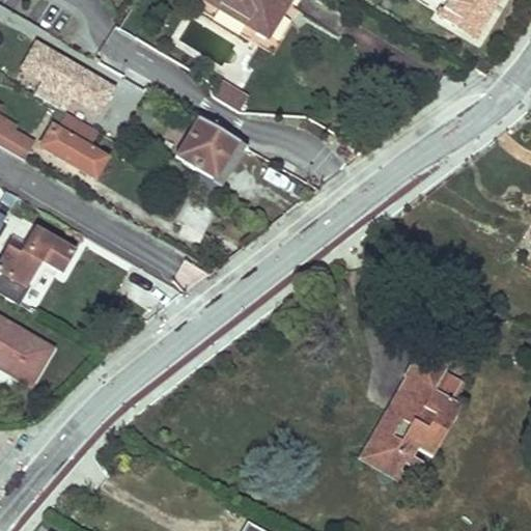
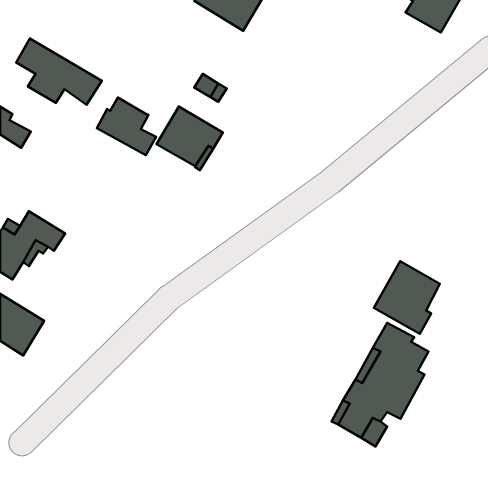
building: [43,112,107,174] -> [97,97,156,155]
building: none -> [374,261,440,334]

